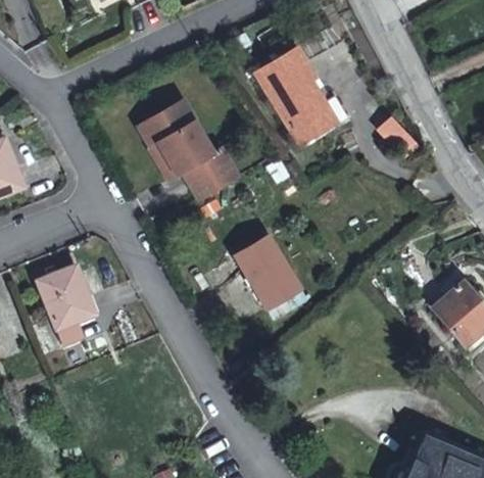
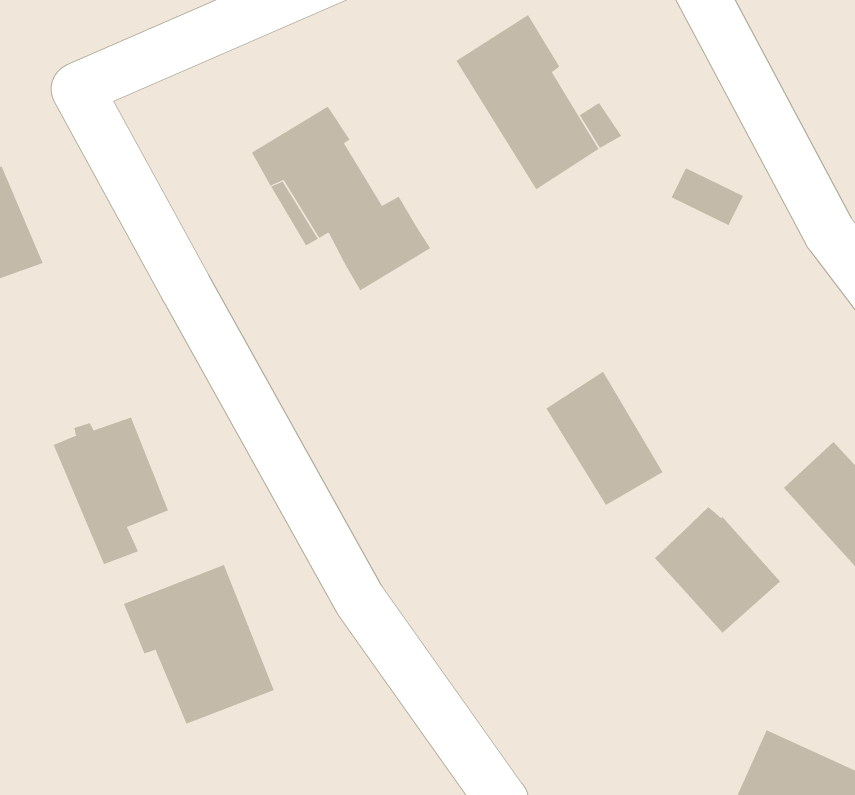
building: [236,234,300,307] -> [546,371,663,506]
building: none -> [654,506,781,634]
building: none -> [123,564,275,725]

